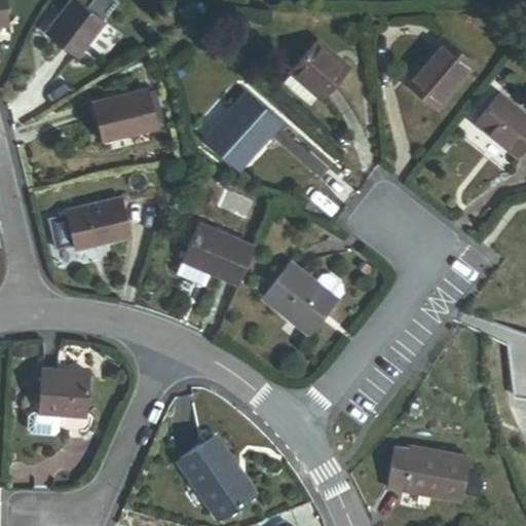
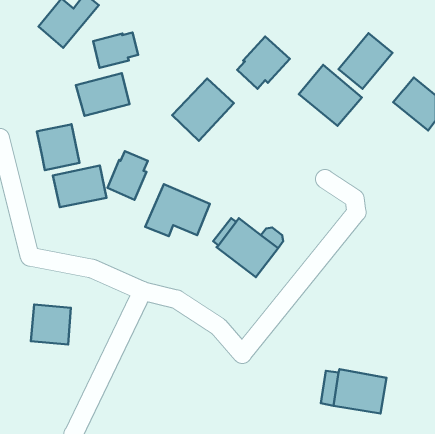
building: none -> [93,33,138,68]
building: none -> [299,65,362,126]
building: none -> [37,124,80,170]
building: none -> [107,151,148,200]
building: [179,435,254,517] -> none

